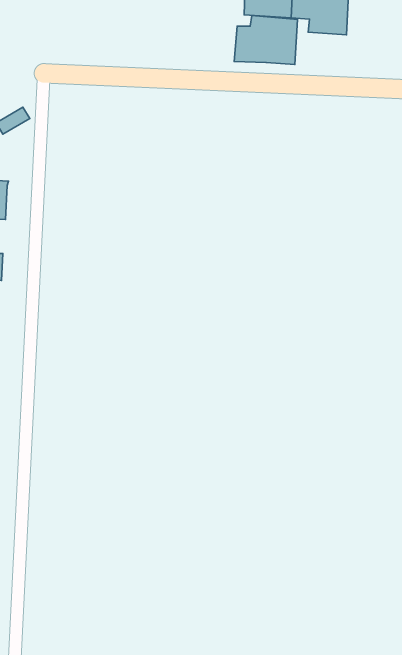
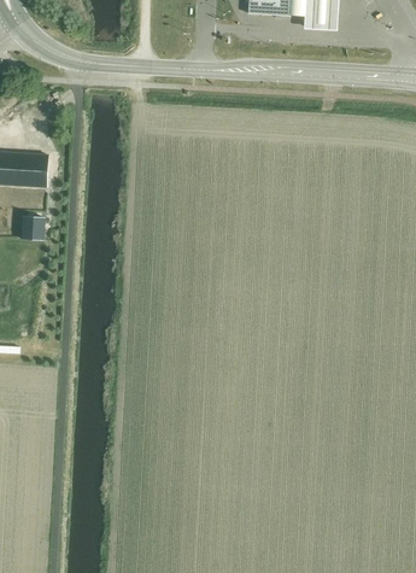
building: [234,15,297,65] -> none

